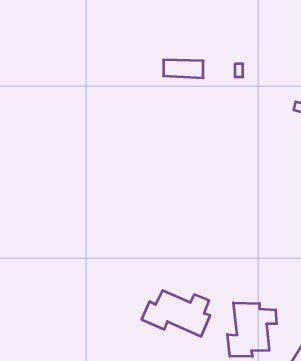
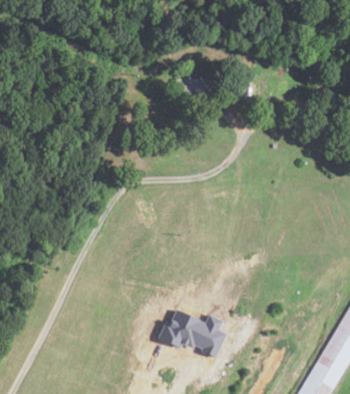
building: [227,303,277,357] -> none

